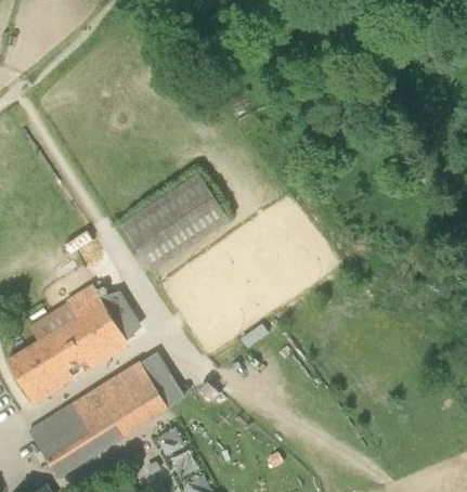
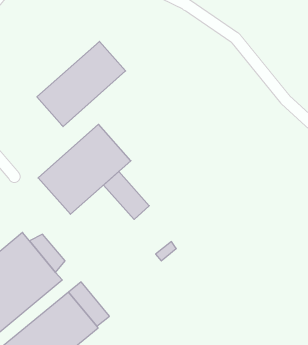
building: none -> [37,41,126,127]
building: none -> [104,171,149,219]

